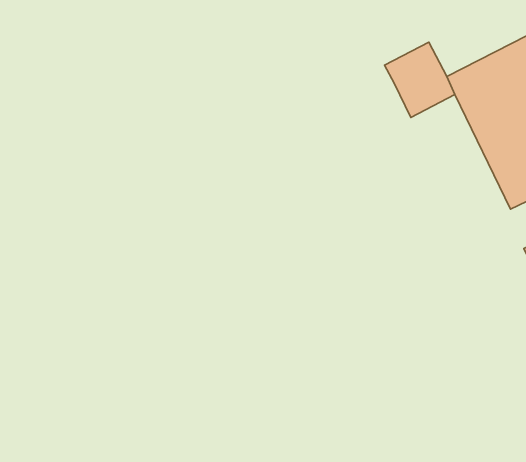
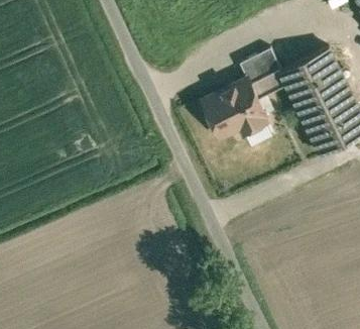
building: none -> [201,76,269,140]

